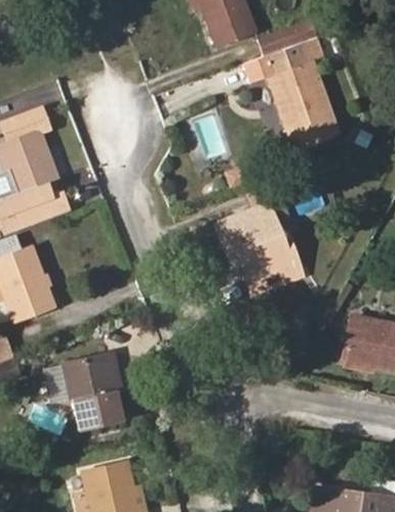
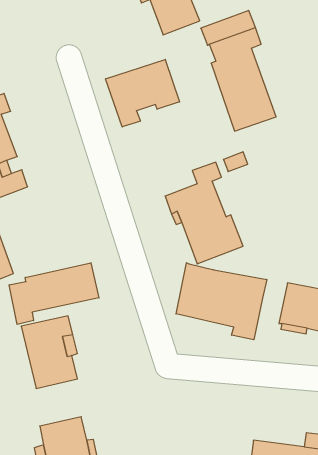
building: none -> [106,59,180,127]
building: none -> [176,263,267,340]
building: none -> [9,263,99,324]

